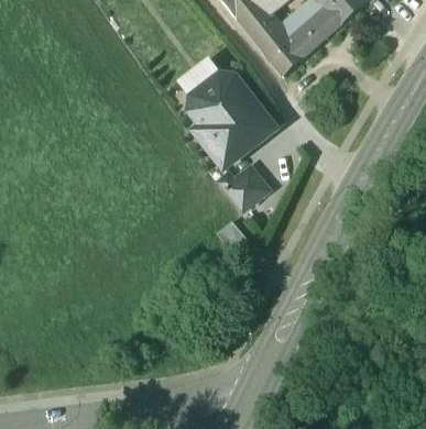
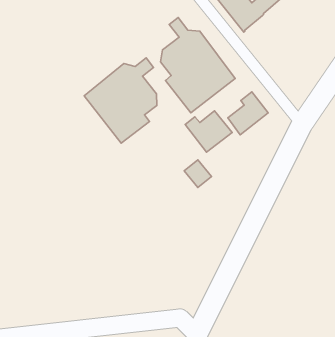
building: none -> [84,58,157,143]
building: none -> [228,92,268,135]

